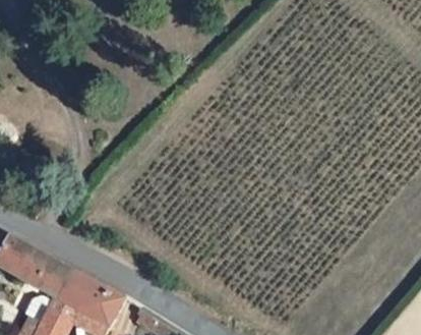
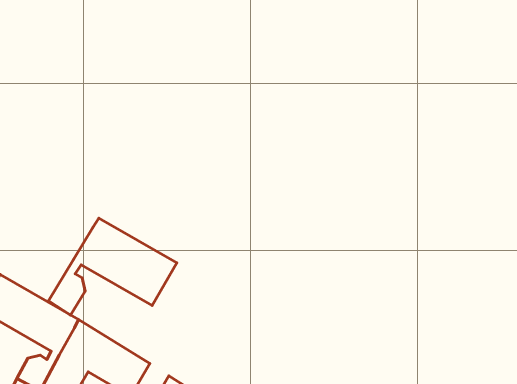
building: none -> [48,218,177,315]

